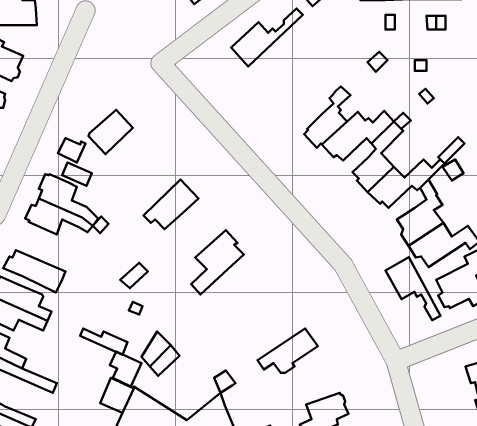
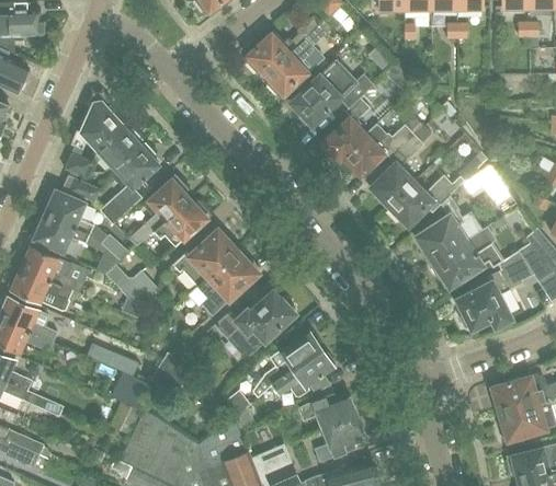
building: none -> [262,25,327,99]
building: none -> [291,61,375,126]
building: none -> [71,93,125,151]
building: none -> [99,142,161,225]
building: none -> [131,177,192,247]
building: none -> [172,231,239,287]
building: none -> [21,246,104,303]
building: none -> [104,267,149,300]
building: [386,257,441,320] -> none
building: none -> [216,292,295,352]
building: none -> [251,331,321,395]
building: none -> [298,394,358,429]

